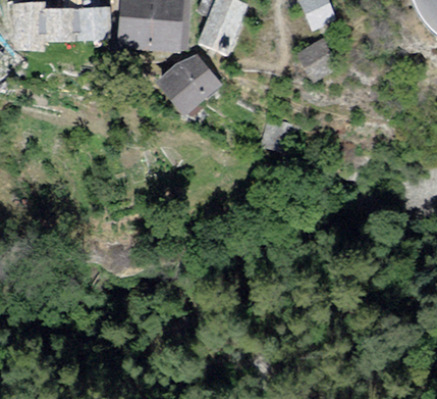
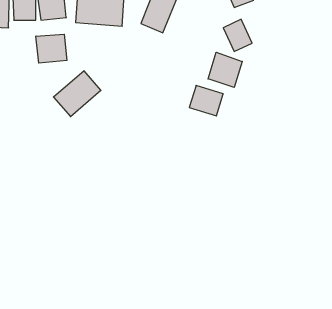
building: none -> [36,34,67,63]
building: [163,61,220,116] -> [53,71,101,117]
building: none -> [208,52,242,87]

